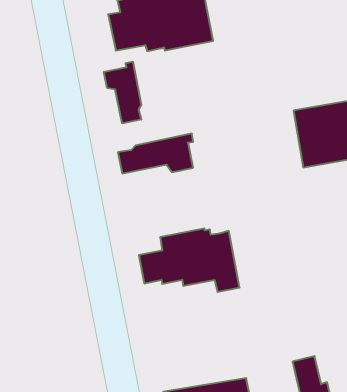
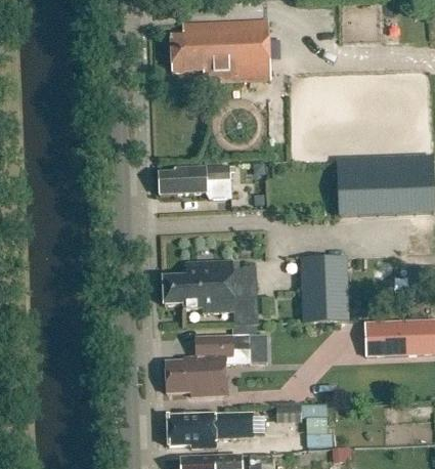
building: [104,62,141,123] -> none
building: none -> [301,255,349,323]
building: none -> [165,334,251,395]

